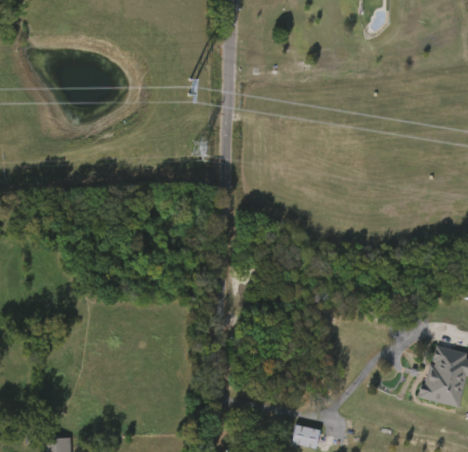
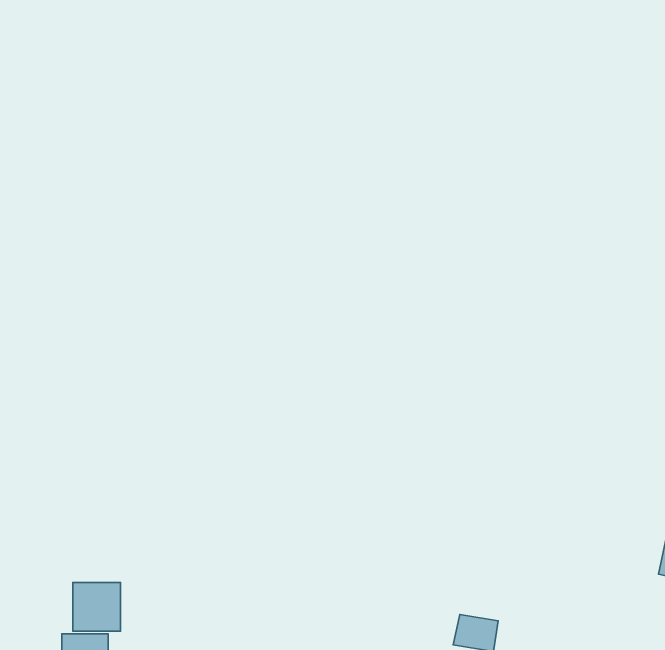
building: none -> [73,582,121,631]

